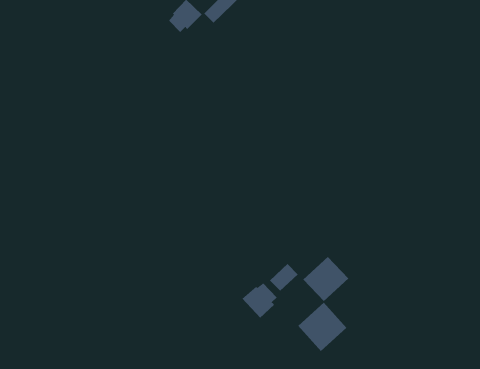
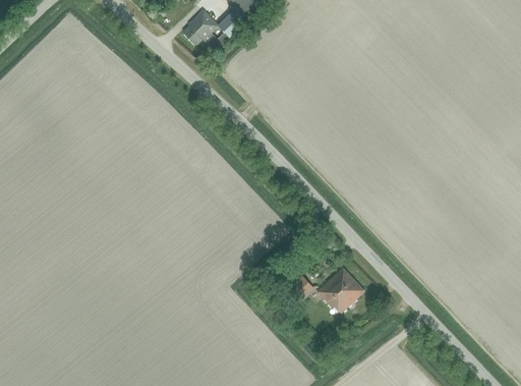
building: [241,283,277,318] -> none
building: [298,302,347,352] -> none

